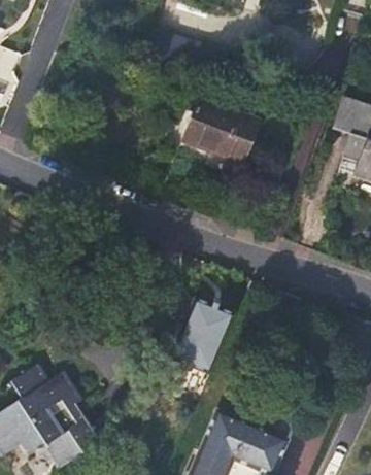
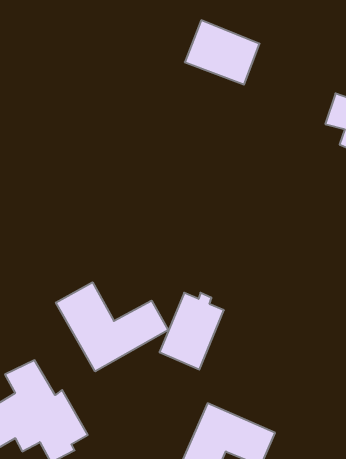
building: [181,98,257,163] -> [185,20,260,85]
building: none -> [56,282,168,371]

